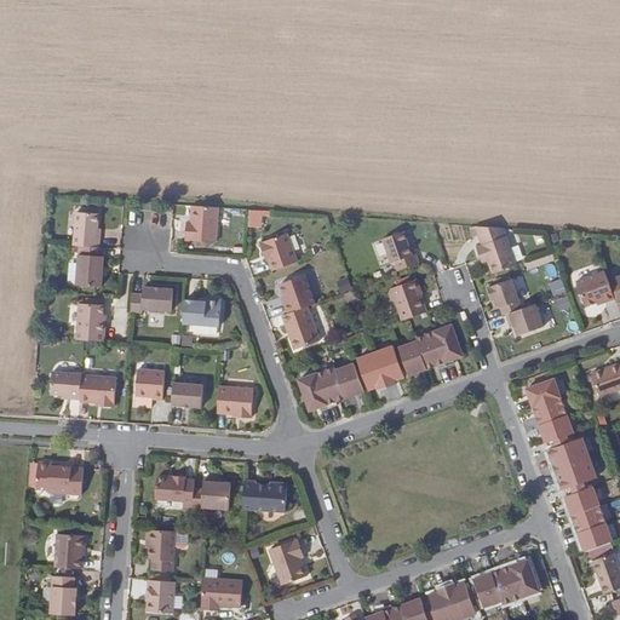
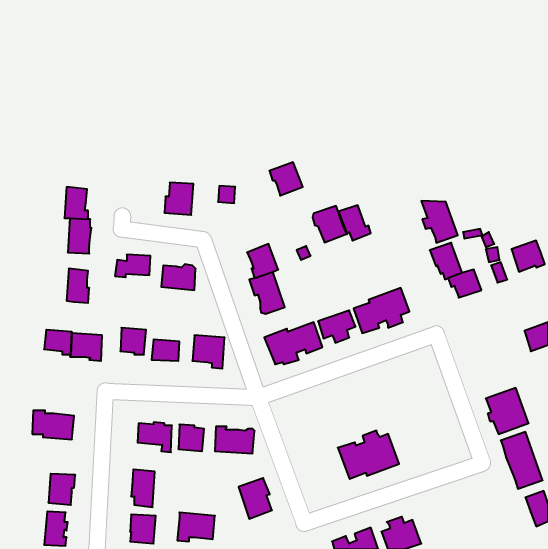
building: [259,234,297,271] -> [269,162,303,196]
building: [389,280,427,321] -> [313,206,347,242]
building: [526,379,573,442] -> none
building: [471,556,540,610] -> [338,431,399,479]

